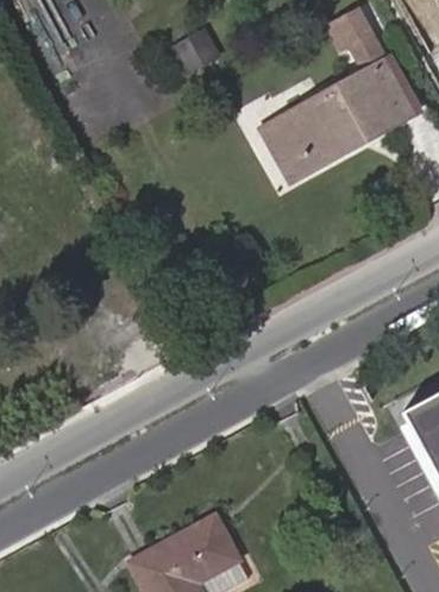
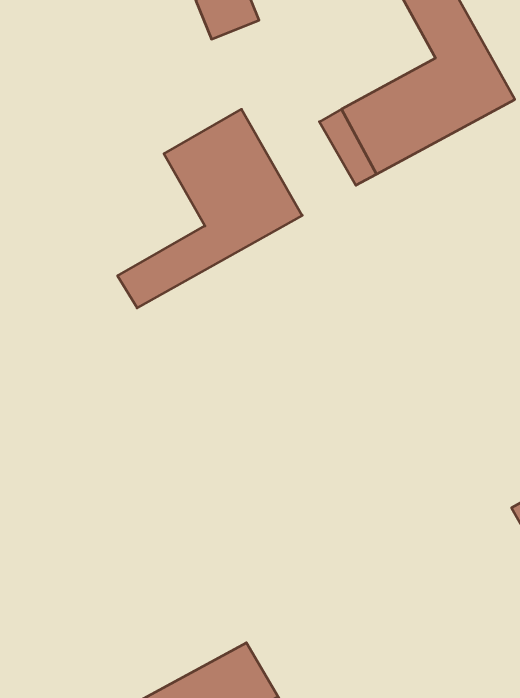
building: none -> [118,109,302,308]

